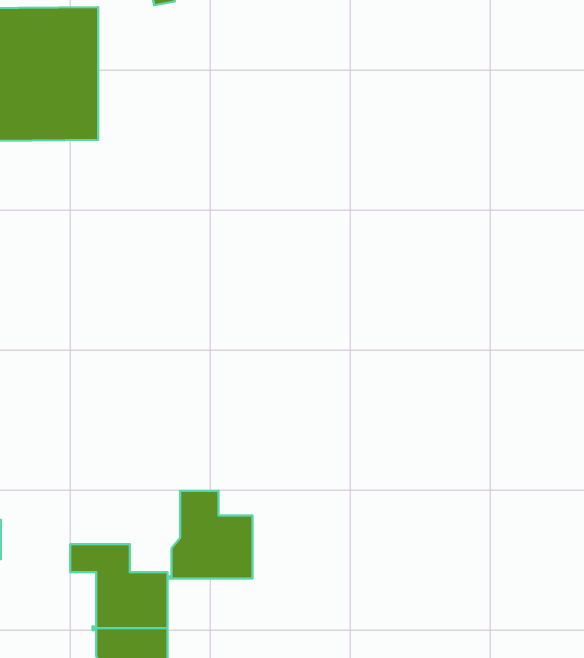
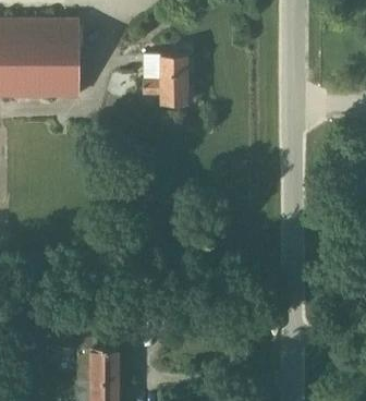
building: none -> [144,54,187,102]
building: [167,491,252,579] -> none

